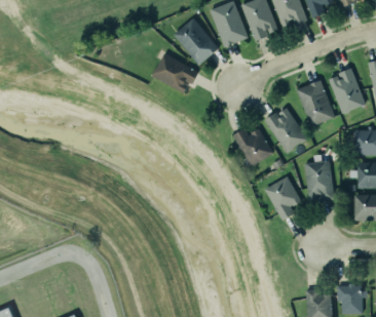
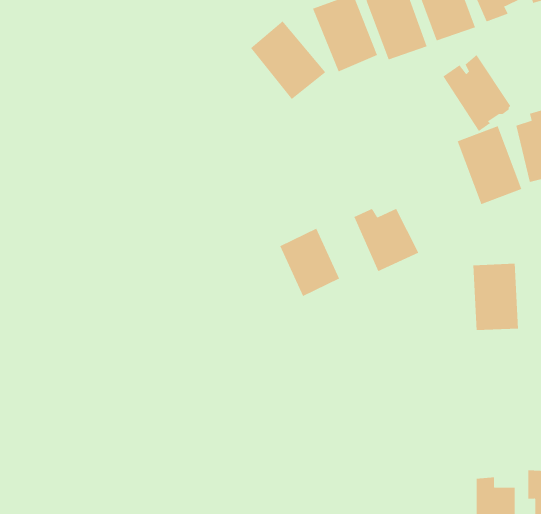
building: [152,53,198,92] -> none
building: [264,106,305,152] -> [442,54,511,132]
building: none -> [279,228,340,297]
building: [265,175,301,220] -> none

